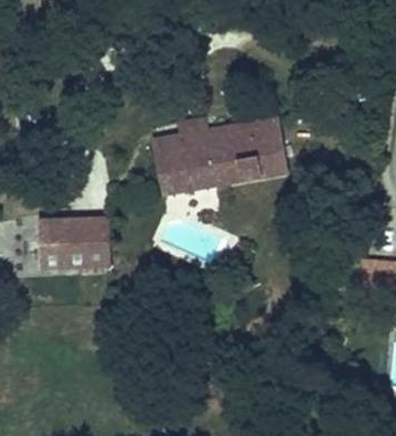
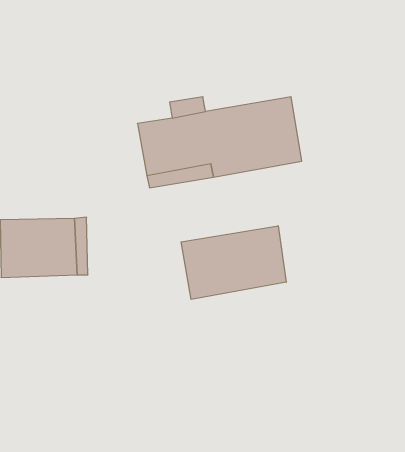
building: none -> [181,226,286,299]

